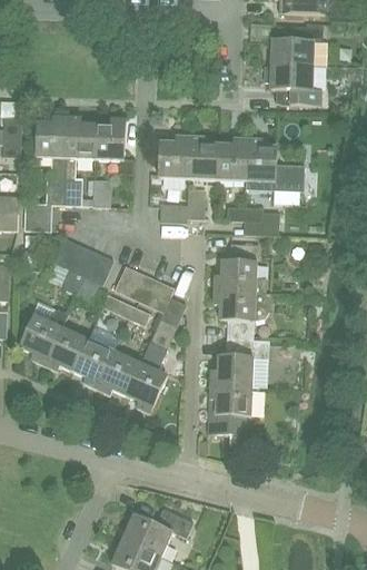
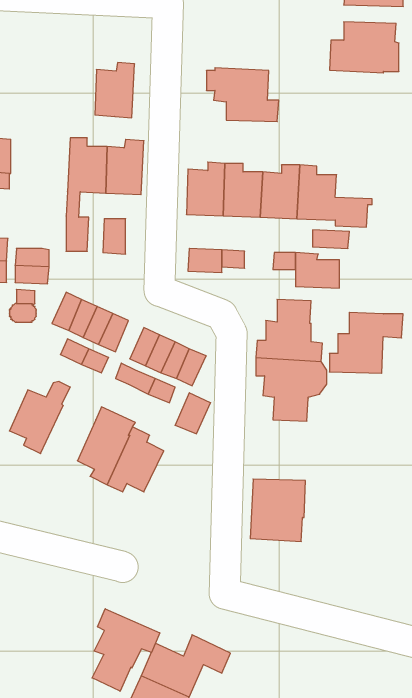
building: [264,62,320,105] -> [206,68,279,122]
building: [36,115,67,158] -> [95,63,135,118]
building: [43,326,87,370] -> none
building: [210,337,268,385] -> [329,312,403,373]
building: [125,362,167,412] -> none
building: none -> [92,609,160,691]

